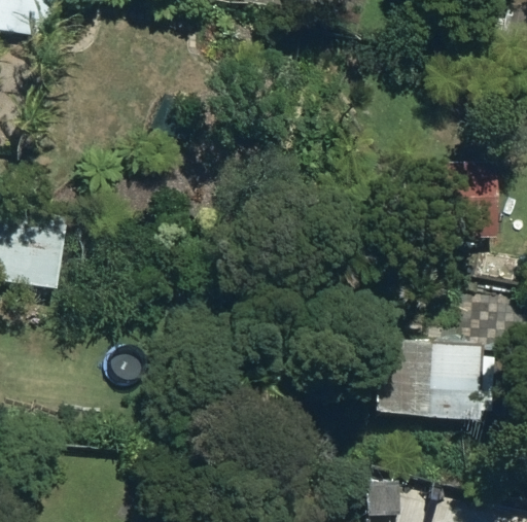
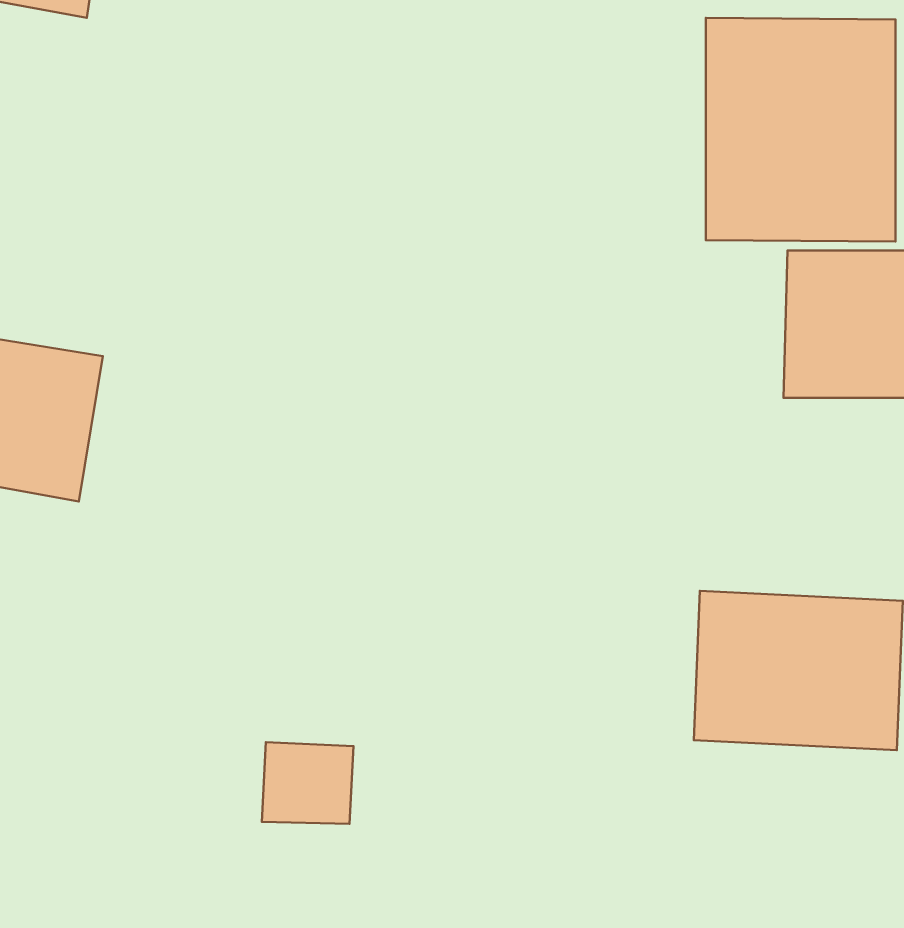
building: none -> [706,18,896,241]

